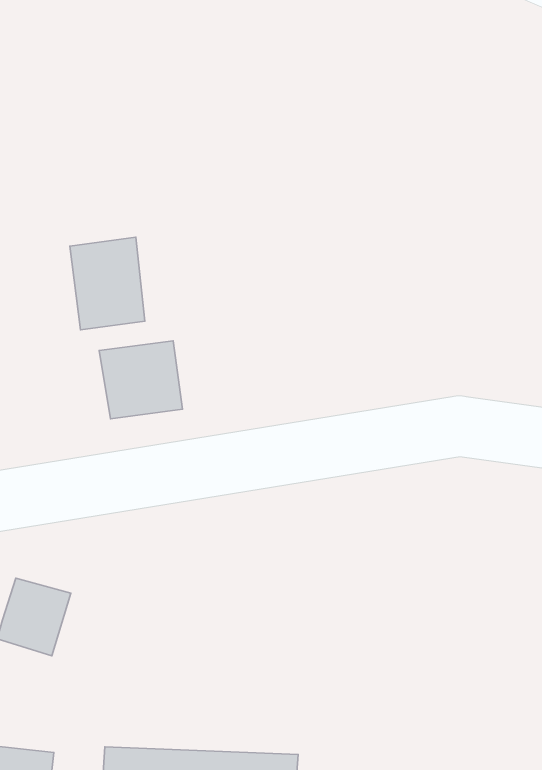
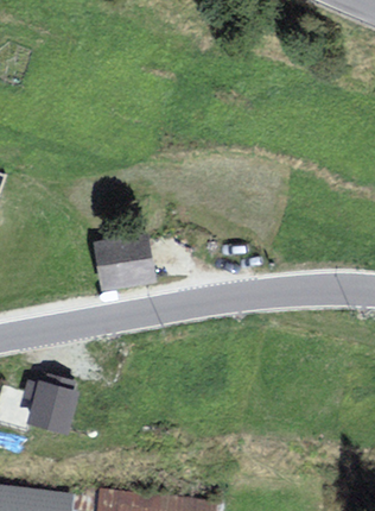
building: [70,237,145,330] -> none

